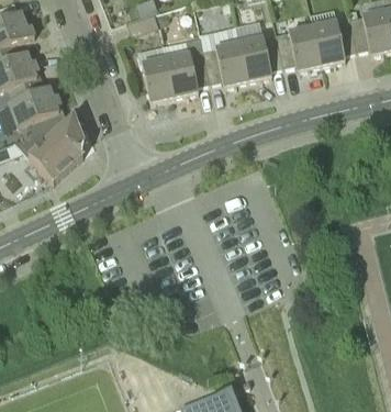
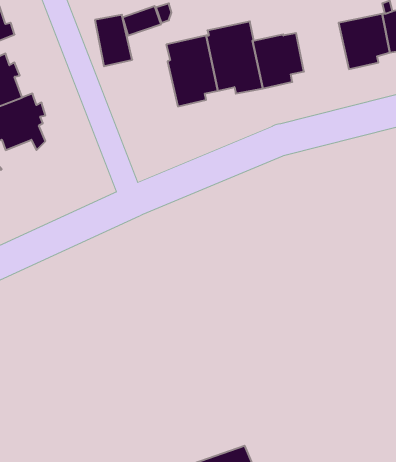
building: [275,25,320,70] -> none
building: [142,58,174,102] -> [95,15,132,66]
building: [26,115,85,183] -> none

